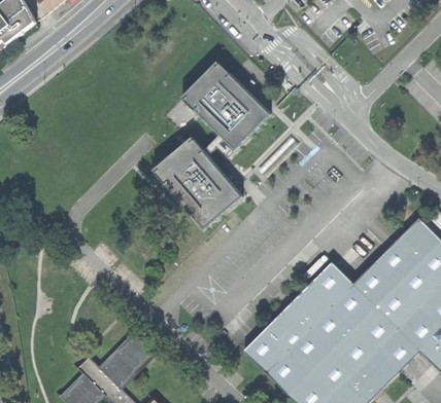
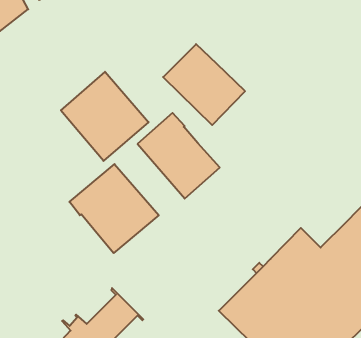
building: none -> [61,72,149,161]
building: none -> [69,164,159,253]

